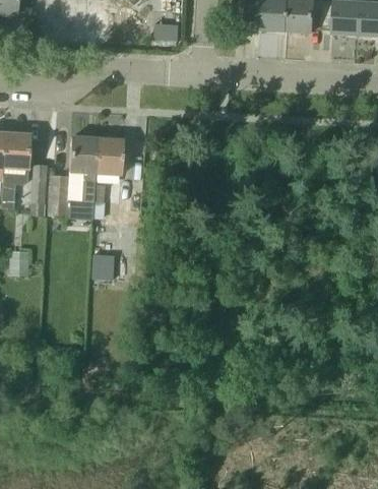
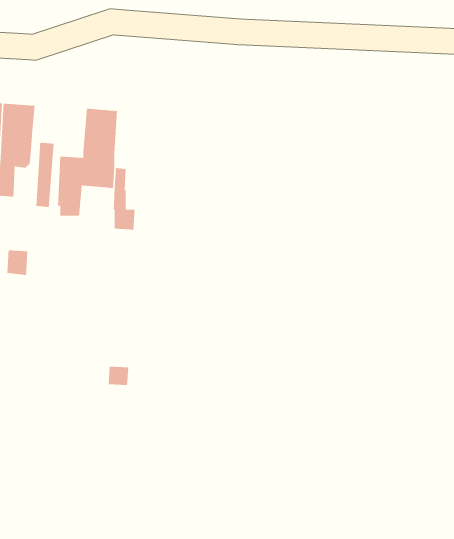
building: [94,137,123,174] -> none
building: [91,253,114,280] -> none

